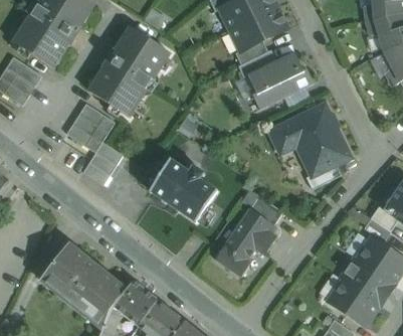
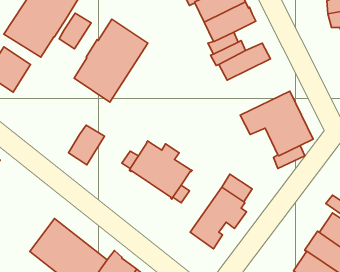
building: none -> [59,13,91,49]
building: [253,66,315,109] -> none
building: [67,103,115,151] -> none

